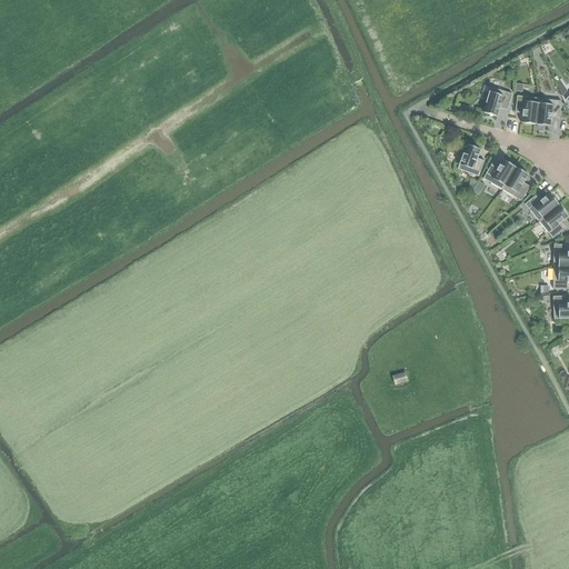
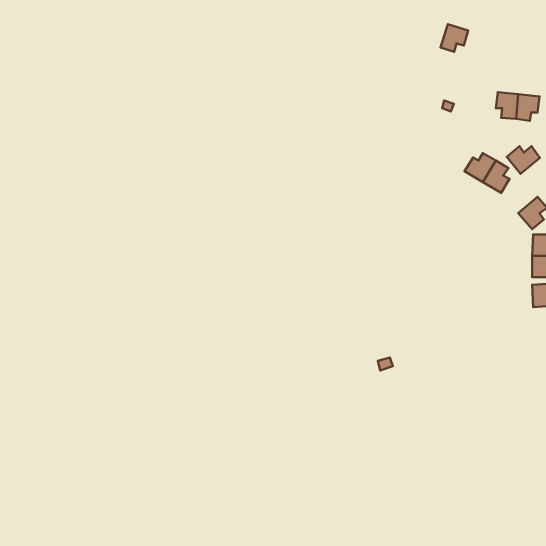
building: [483,87,512,116] -> [440,24,468,52]
building: [458,143,485,176] -> none
building: [525,192,559,221] -> [507,146,540,174]

